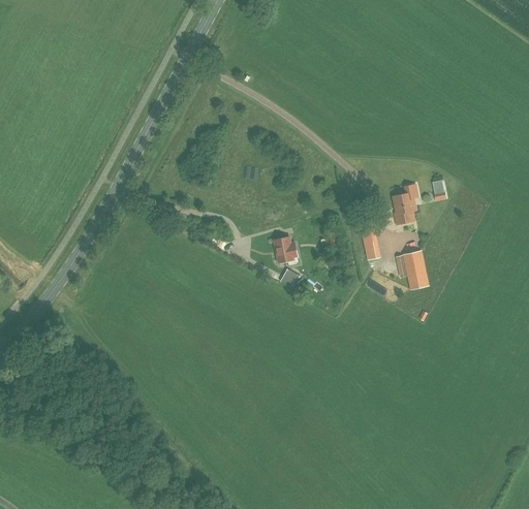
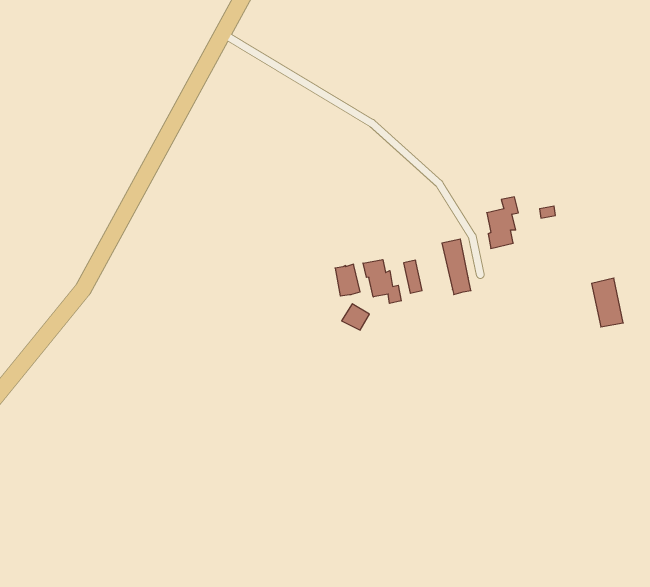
building: none -> [363,260,401,303]
building: [403,250,428,288] -> [592,278,623,327]

